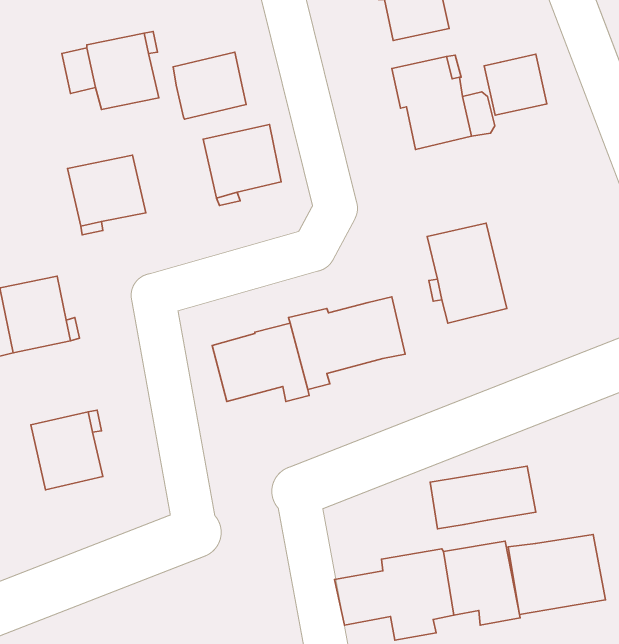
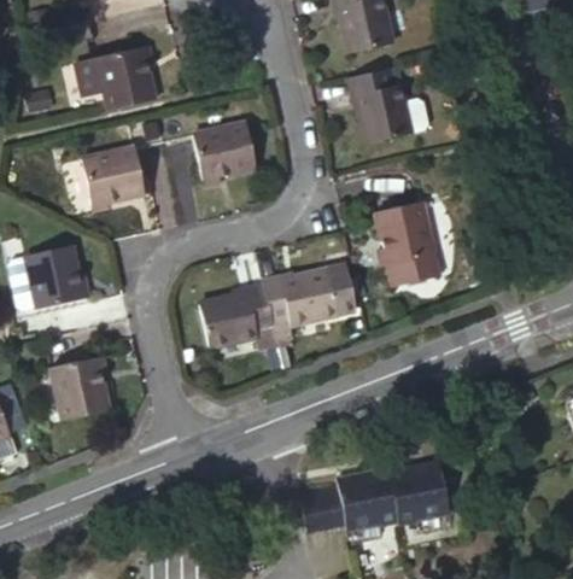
building: [173,52,246,119] -> none
building: [484,54,547,115] -> none
building: [430,466,536,529] -> none
building: [508,534,606,615] -> none

